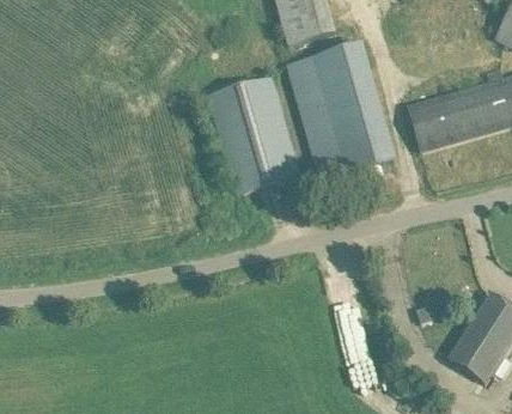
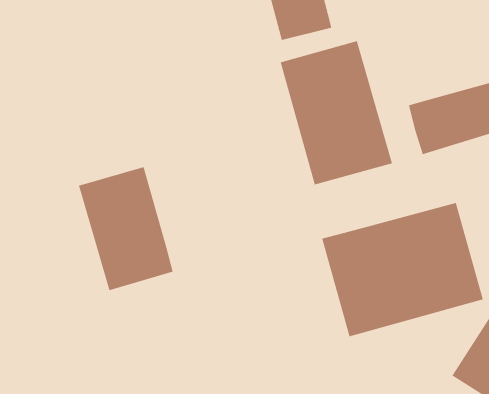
building: [208,77,298,194] -> [78,166,174,291]
building: none -> [321,202,483,337]

